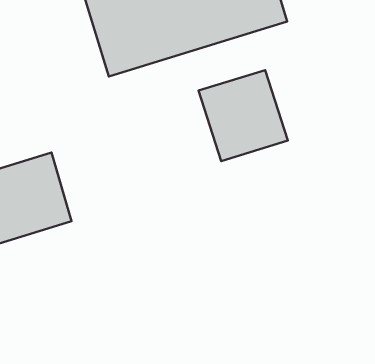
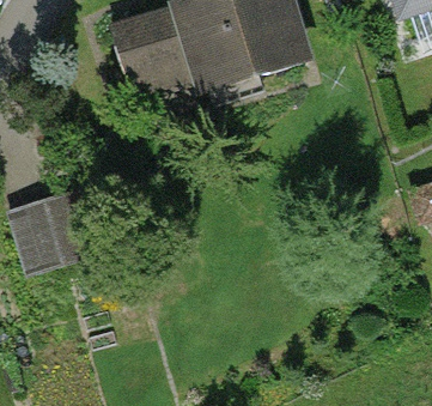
building: [199,70,288,161] -> none

